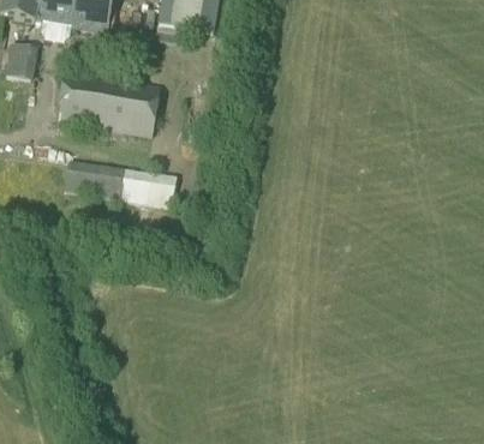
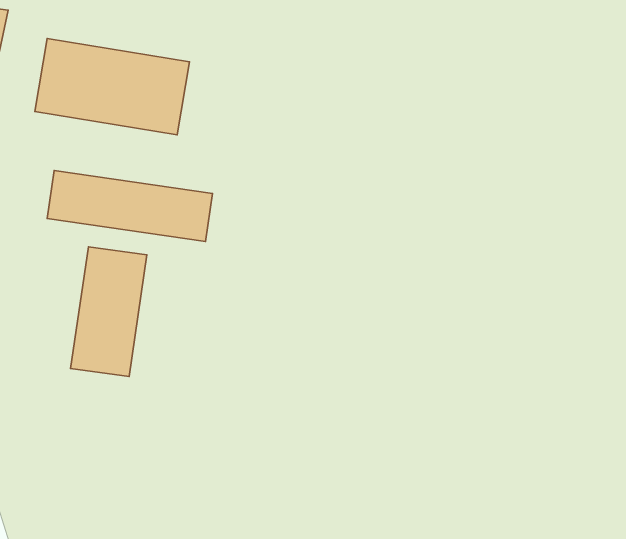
building: none -> [71,247,147,377]

